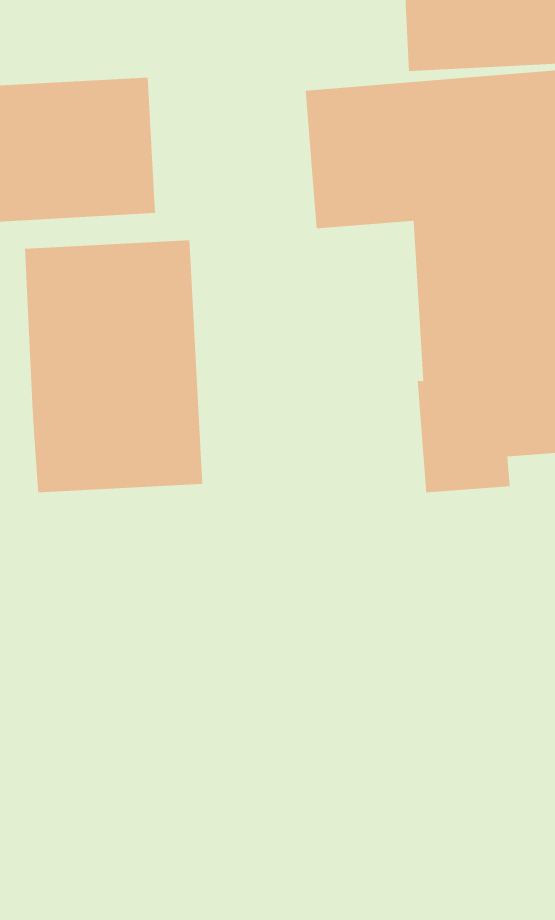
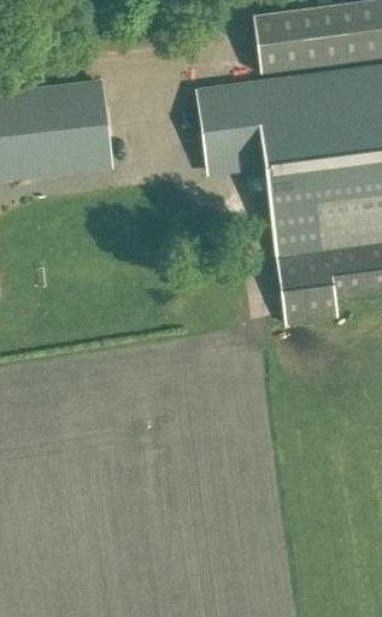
building: [25,240,203,493] -> none

